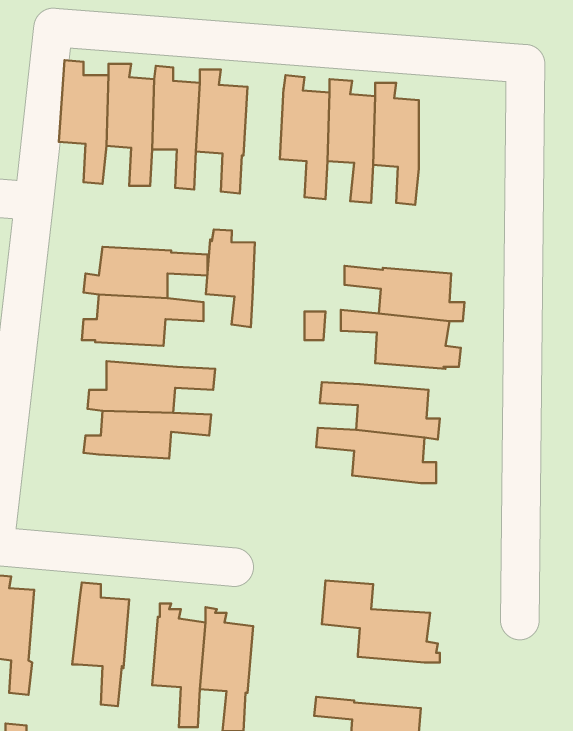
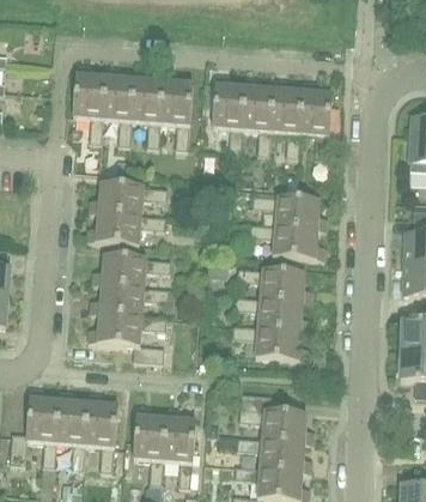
building: none -> [299,80,331,157]
building: [206,229,255,327] -> none
building: none -> [87,312,165,361]
building: none -> [232,323,309,358]
building: none -> [54,389,86,467]
building: none -> [236,435,310,471]

